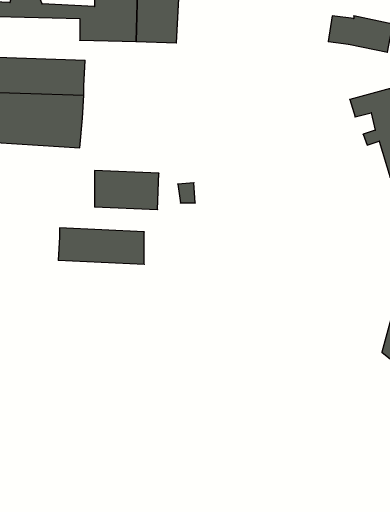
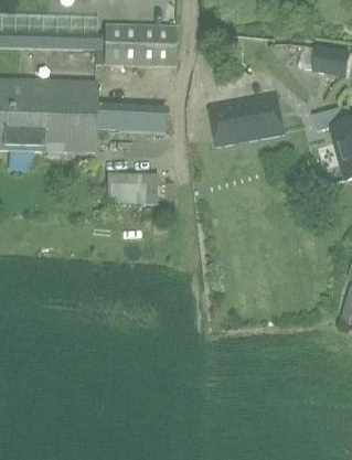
building: none -> [211,92,287,145]
building: [58,228,144,264] -> [96,103,167,132]

